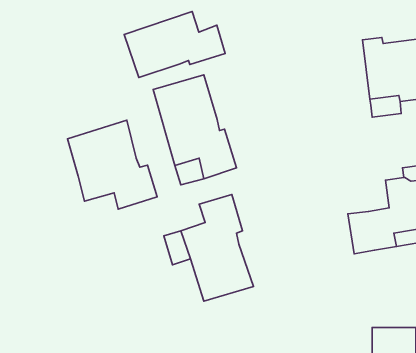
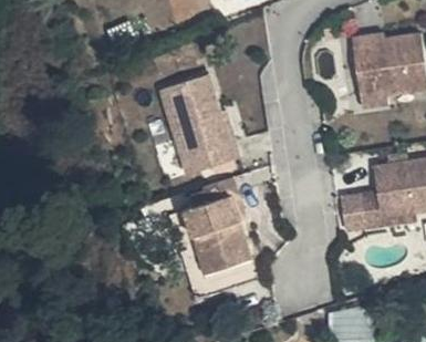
building: [124,11,225,77] -> none
building: [68,120,157,209] -> none

